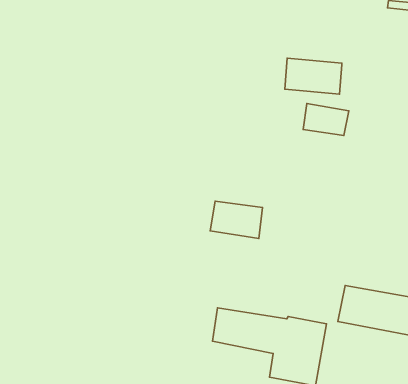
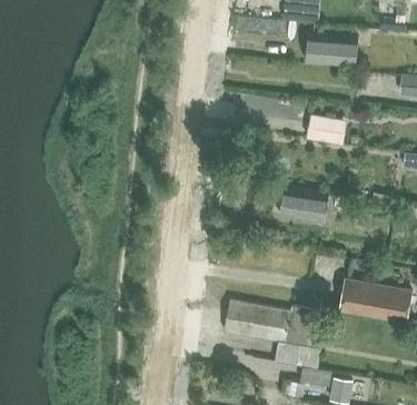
building: [285,58,342,94] -> [308,34,359,67]
building: [210,201,262,238] -> [281,189,328,223]

